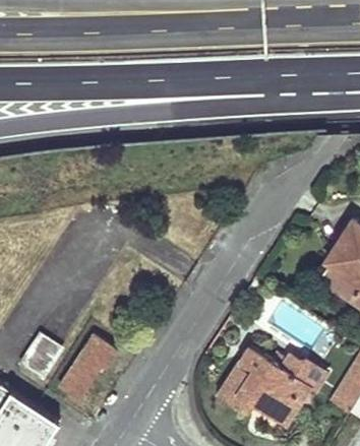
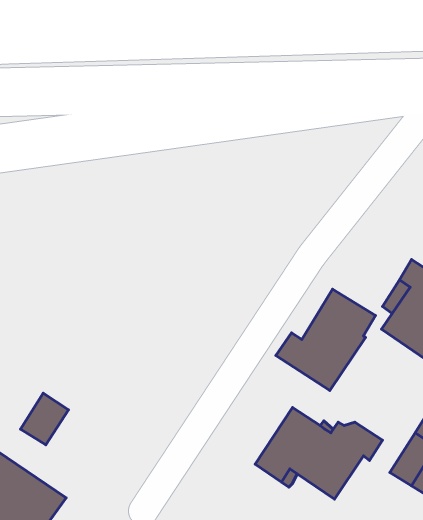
building: none -> [276,289,376,390]
building: [60,336,115,398] -> none

